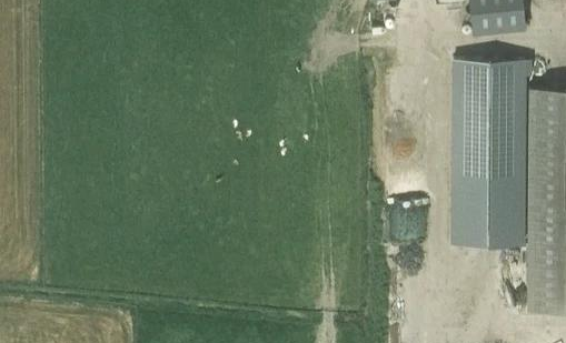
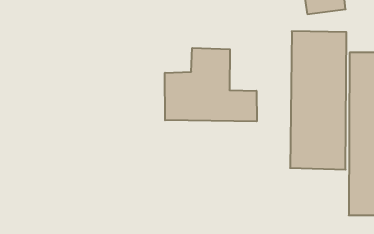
building: none -> [165,48,257,121]

